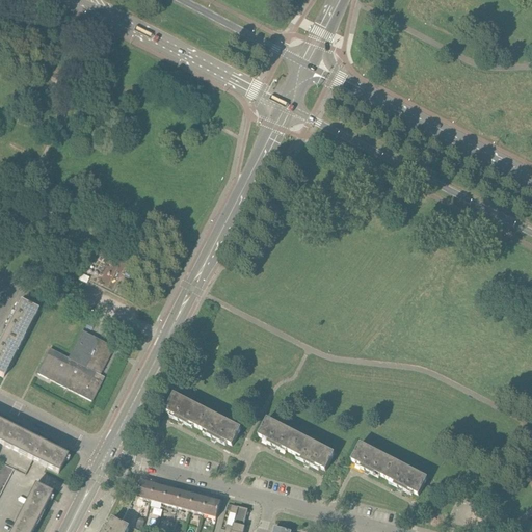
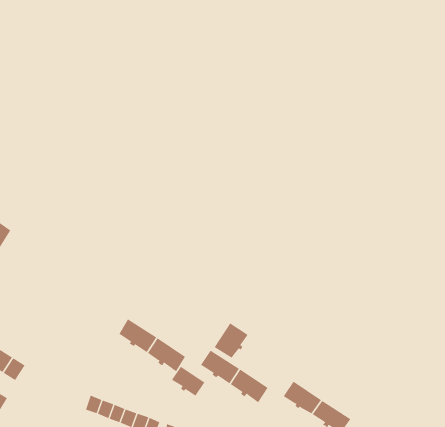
building: [36,328,114,399] -> none
building: none -> [214,322,248,359]
building: none -> [171,366,205,397]

